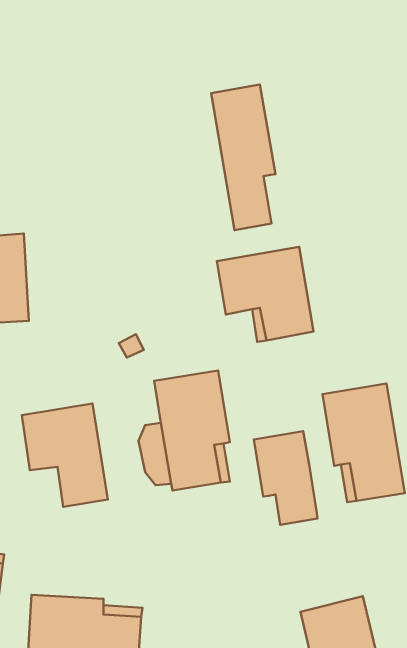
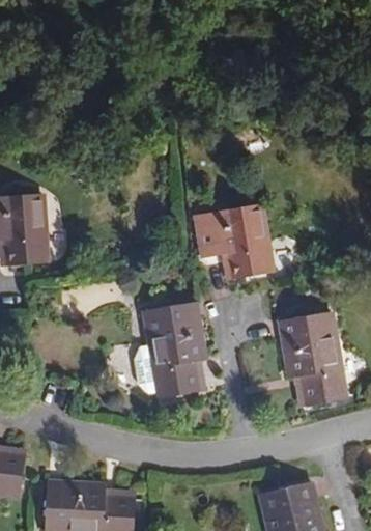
building: [211,85,275,230] -> none
building: [22,403,108,507] -> none
building: [254,431,318,525] -> none

